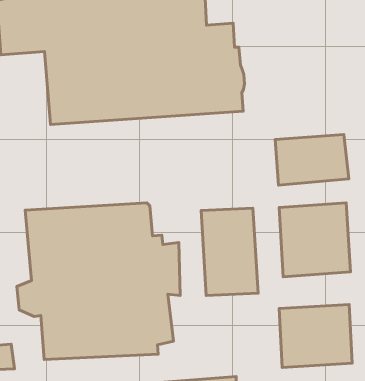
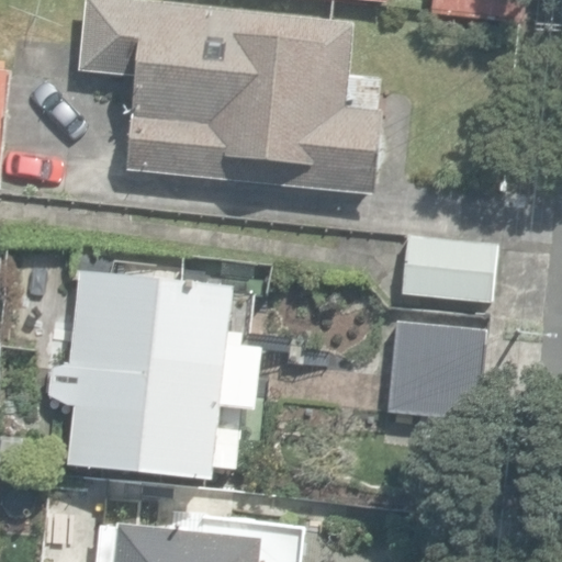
building: [201,208,258,296] -> none
building: [279,304,352,368] -> none

